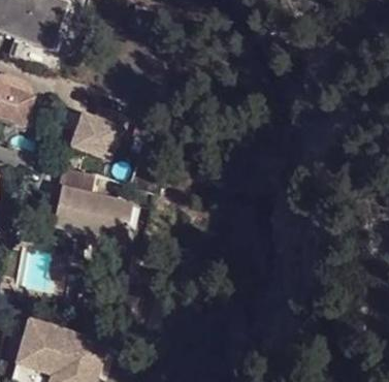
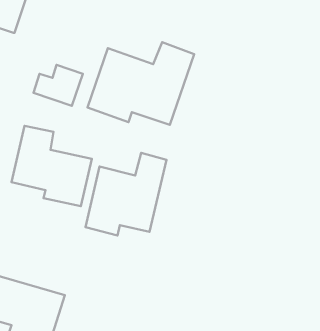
building: none -> [88,42,194,125]
building: none -> [85,153,166,235]

